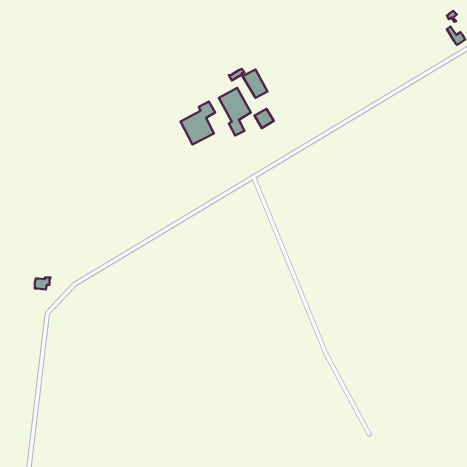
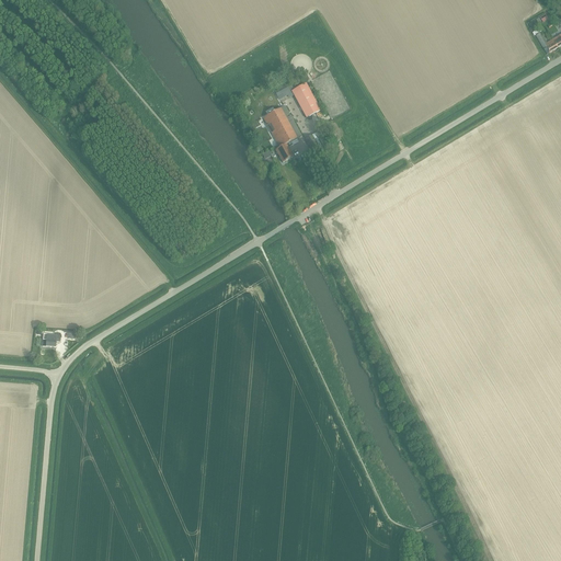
building: [180,102,215,144] -> none

